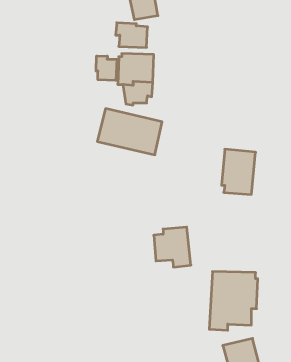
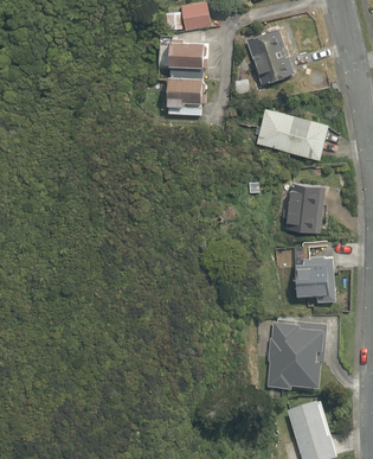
building: none -> [246,24,292,82]
building: [96,56,117,80] -> none
building: [97,109,162,155] -> [252,104,327,158]
building: [154,227,191,267] -> [291,255,334,301]

